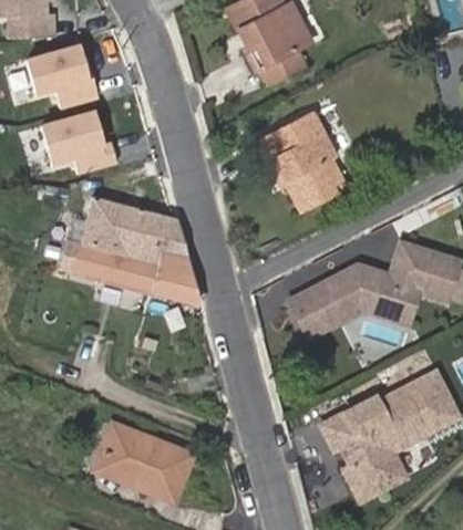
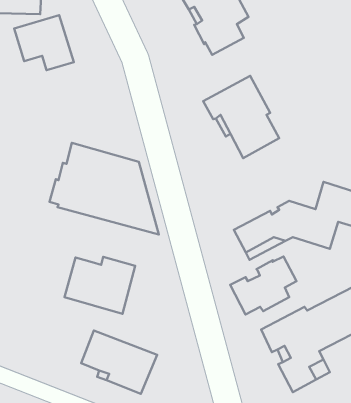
building: [39,107,112,175] -> none
building: none -> [230,256,297,315]
building: none -> [64,257,135,314]

